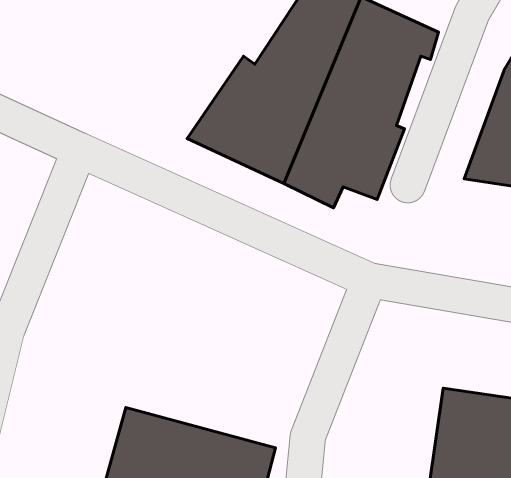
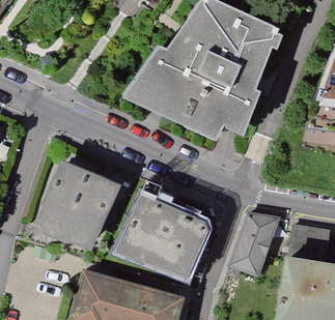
building: none -> [34,162,120,254]
building: none -> [114,196,211,282]
building: none -> [230,212,279,275]

